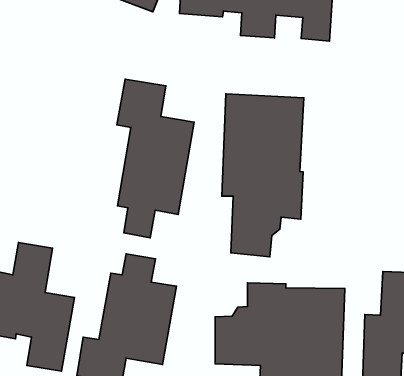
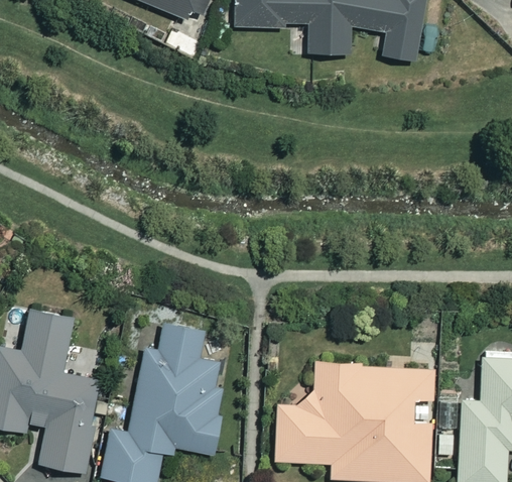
building: [117,79,194,238] -> none
building: [222,94,304,257] -> none

